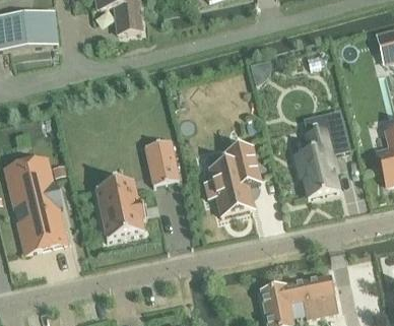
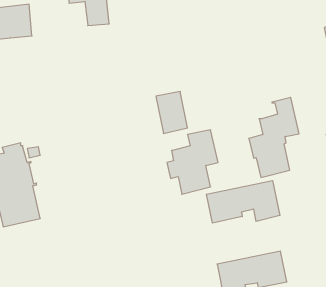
building: [144,138,179,184] -> [156,92,188,133]
building: [95,179,145,239] -> none
building: none -> [207,181,280,223]

